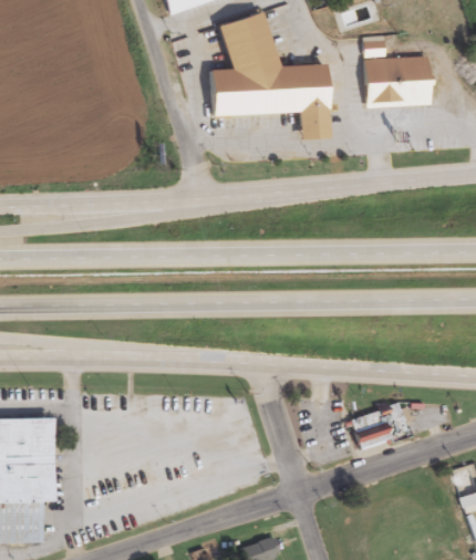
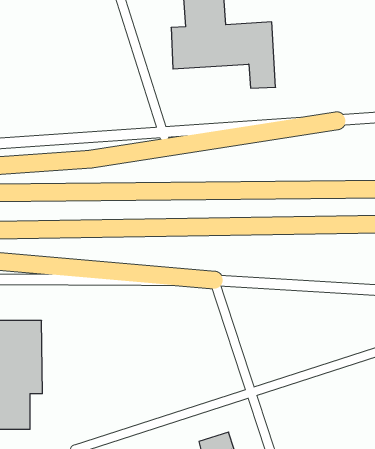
building: [363,58,430,107] -> none
building: [351,407,400,448] -> none

